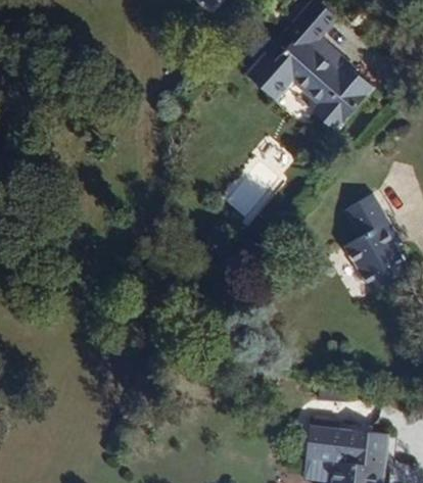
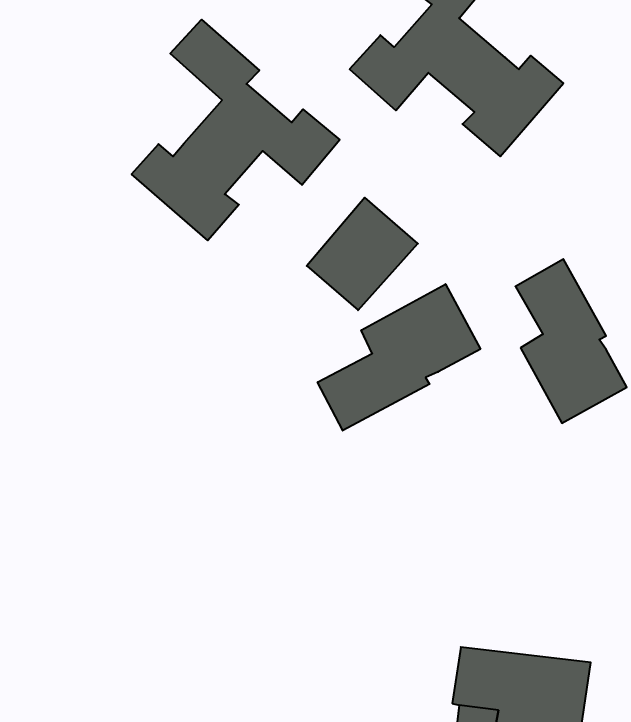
building: none -> [132,20,340,240]
building: none -> [318,284,480,431]

